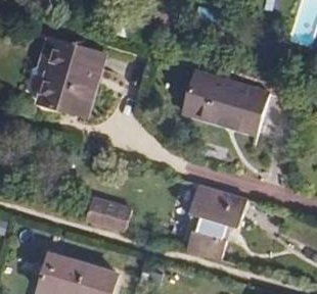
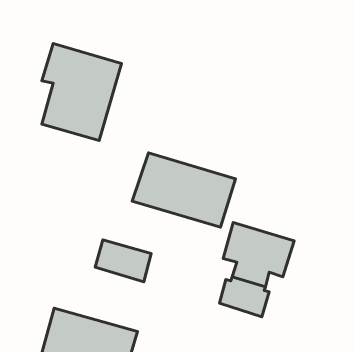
building: [184,73,269,135] -> [132,153,235,227]

